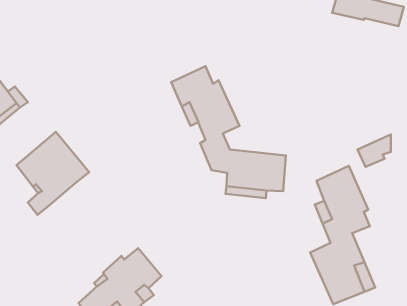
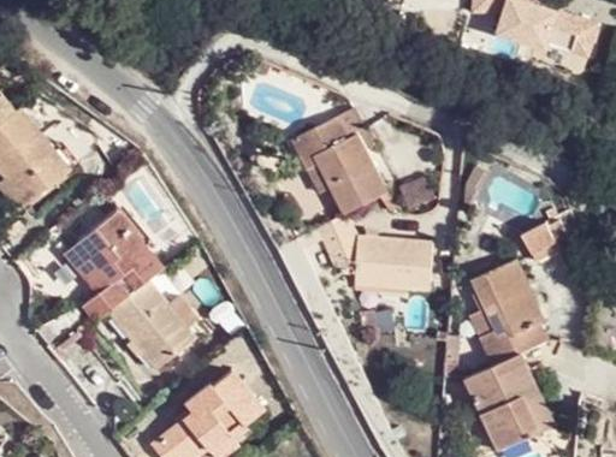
building: none -> [105,277,194,369]

